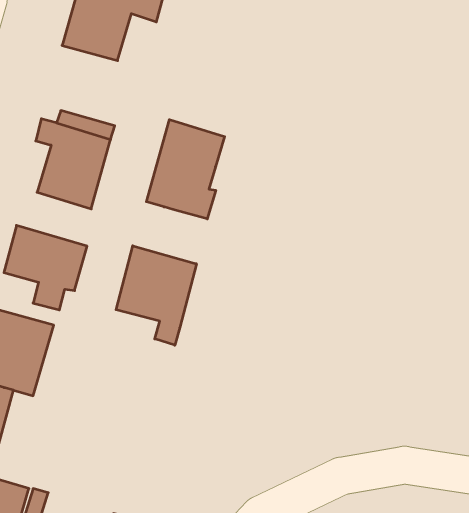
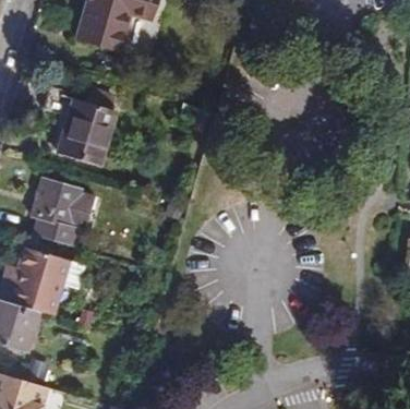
building: [146,120,225,219] -> none
building: [116,246,196,345] -> none

